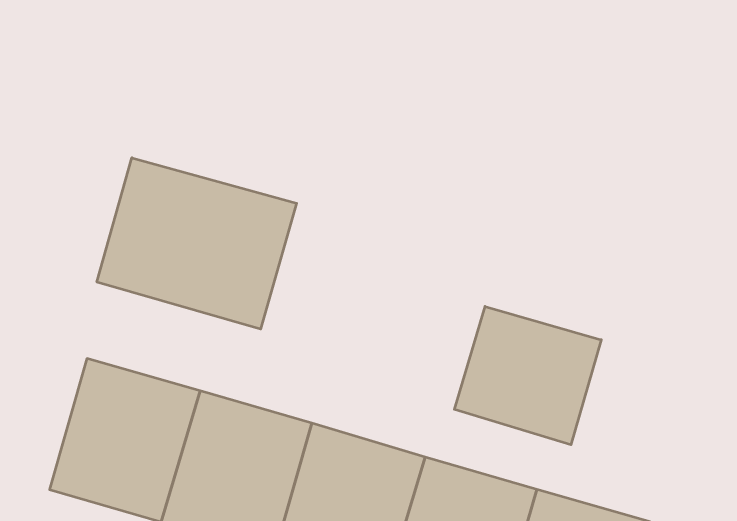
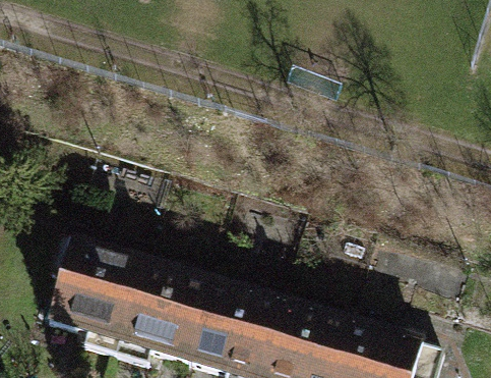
building: [97,158,297,329] -> none
building: [454,306,601,445] -> none

